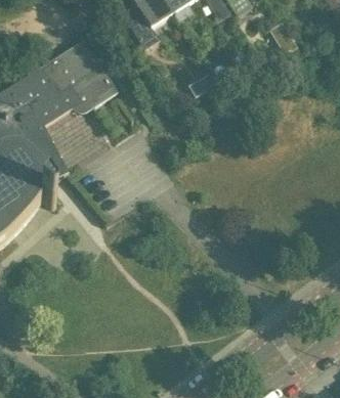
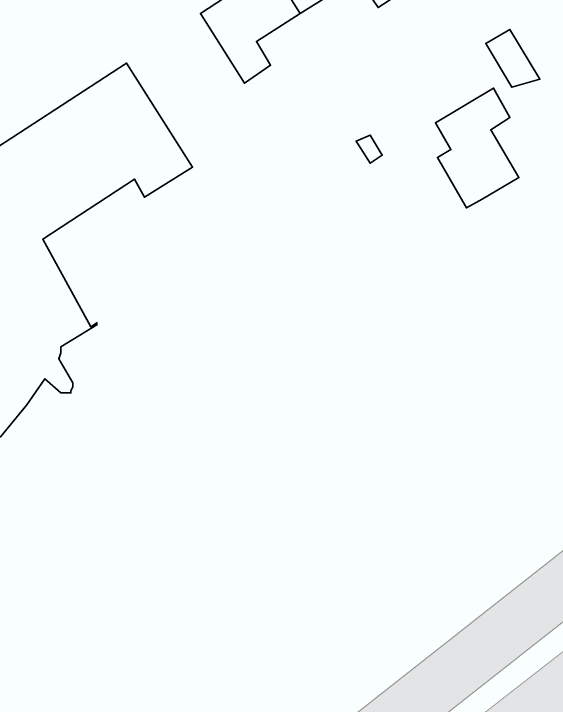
building: none -> [436,88,519,208]

